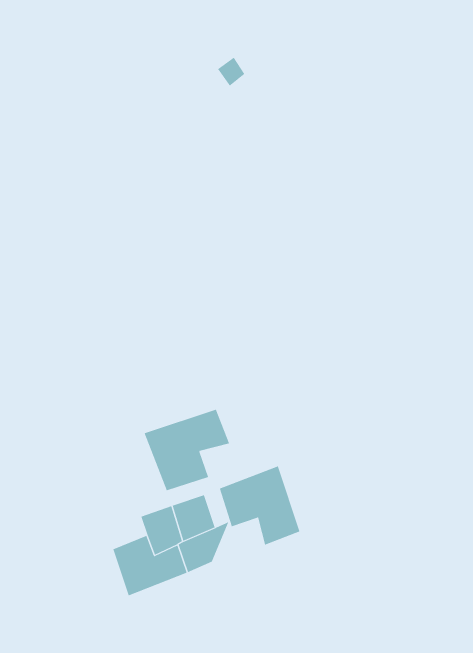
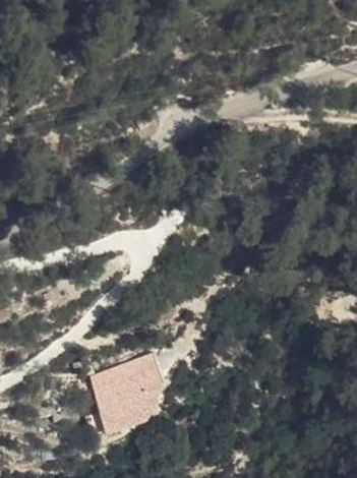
building: [144,409,230,491] -> none
building: [219,466,300,546] -> none

